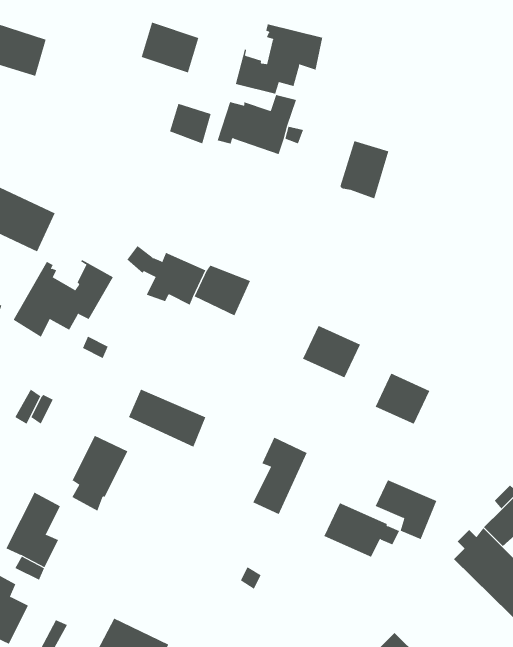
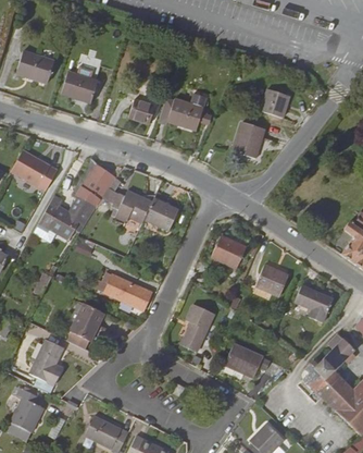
building: [141,22,199,73] -> [62,71,98,102]
building: [235,23,323,94] -> none
building: none -> [261,88,288,117]
building: none -> [72,158,116,206]
building: [375,479,437,540] -> [295,285,333,322]

